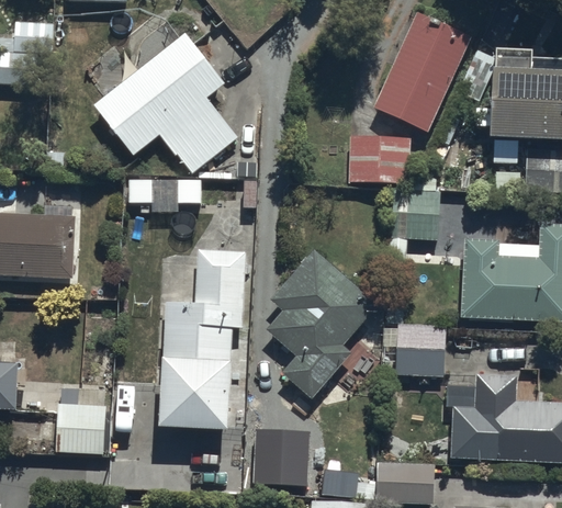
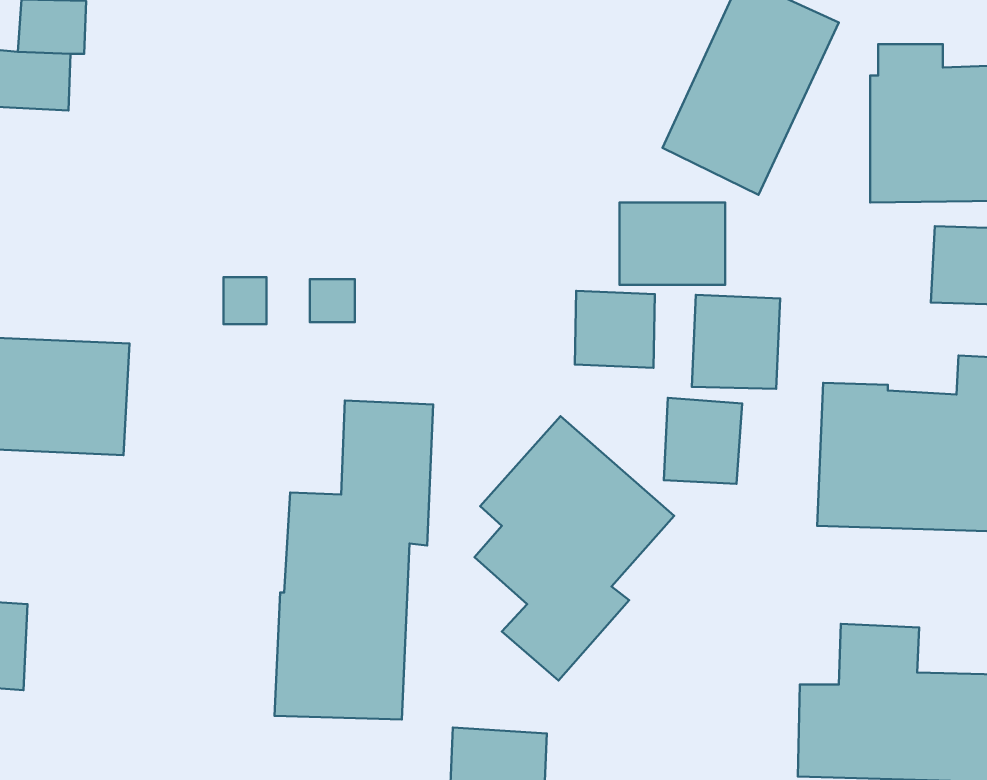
building: [91,31,238,176] -> none
building: none -> [575,291,655,368]
building: [400,325,443,373] -> [664,398,742,484]
building: [56,388,104,454] -> none

